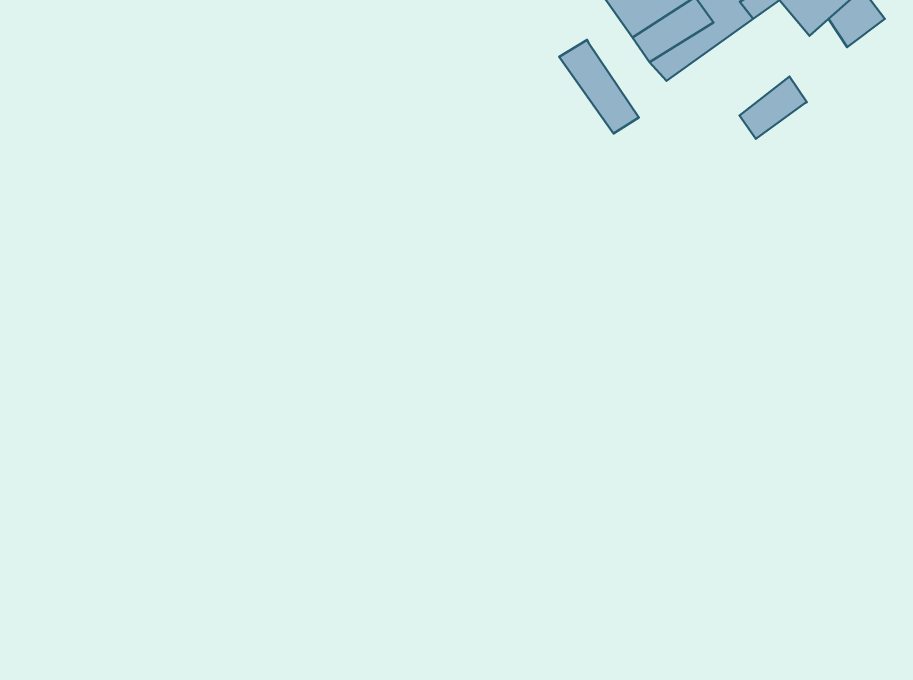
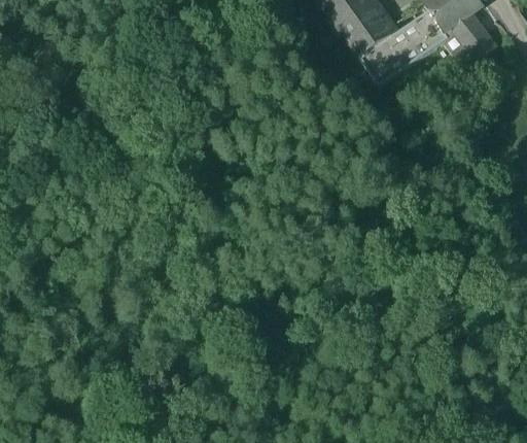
building: [559,40,639,134] -> none
building: [740,77,807,139] -> none

